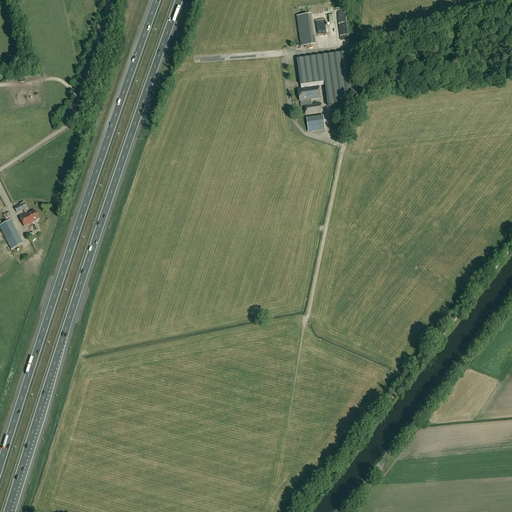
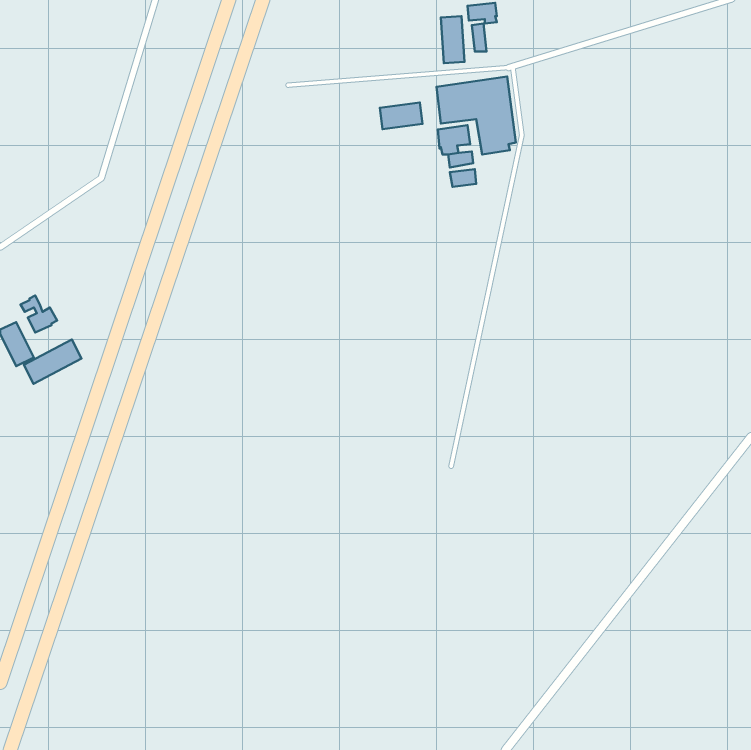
building: none -> [380,102,422,129]
building: none -> [24,340,82,384]

